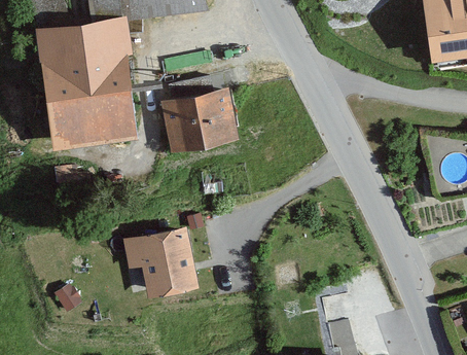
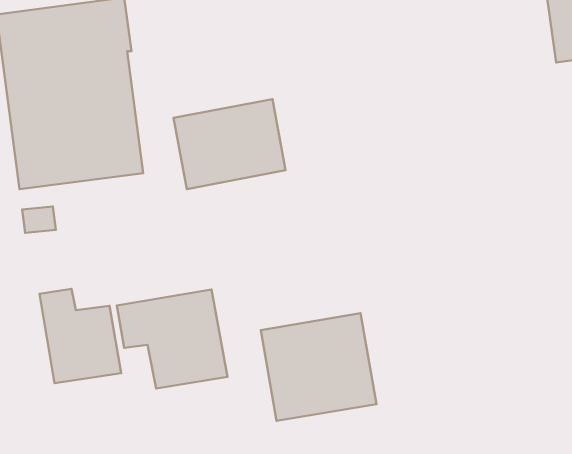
building: none -> [40,289,121,383]
building: none -> [261,313,376,421]

